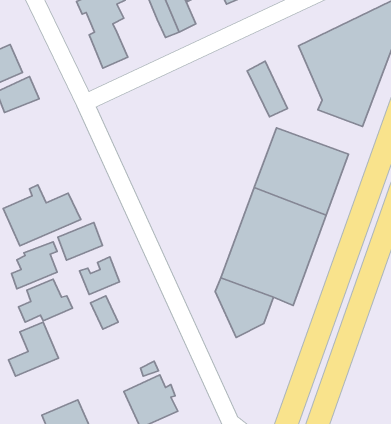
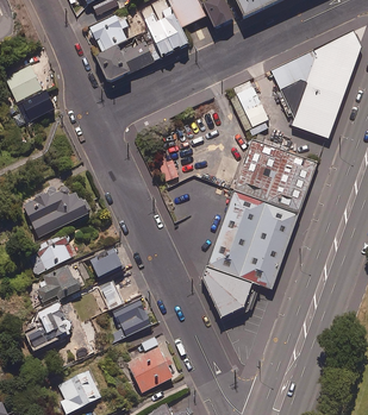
building: none -> [120,43,162,73]
building: [58,222,103,260] -> none
building: none -> [108,300,150,341]

